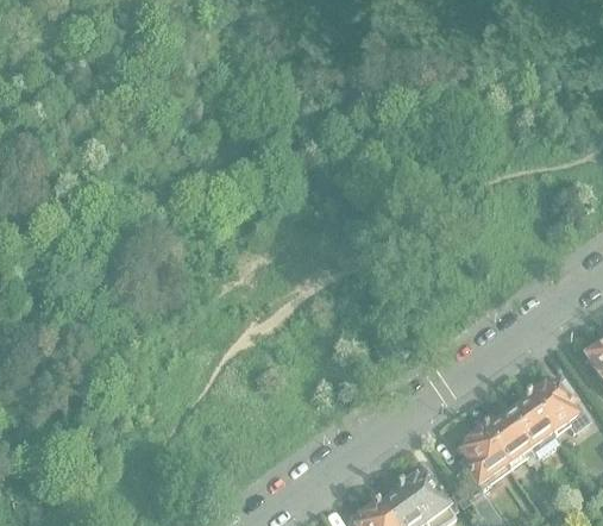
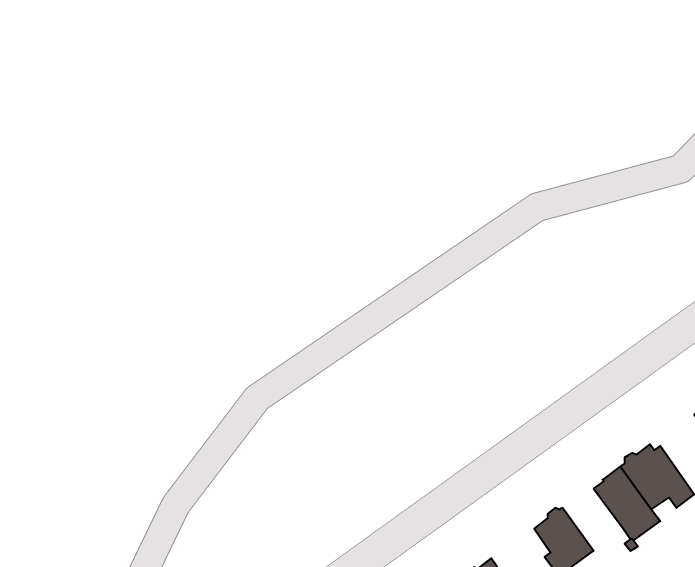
building: [480,413,529,463] -> none

